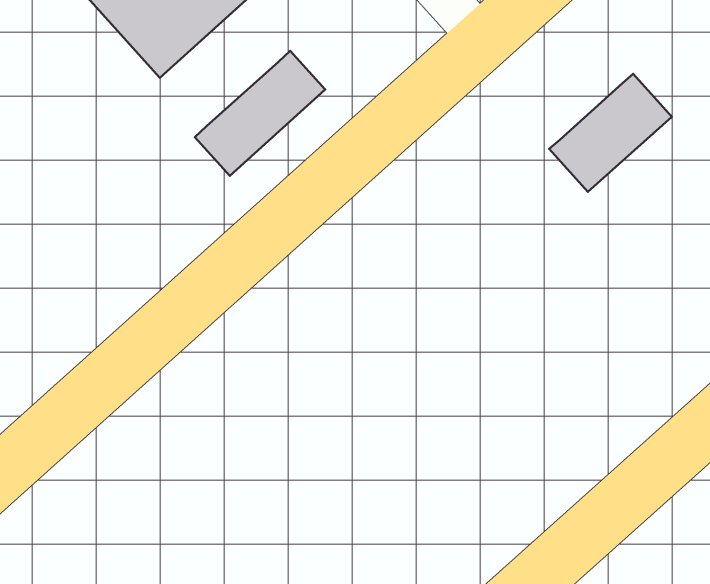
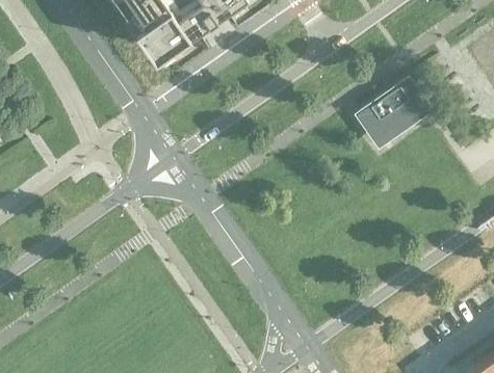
building: [195,51,325,176] -> none

